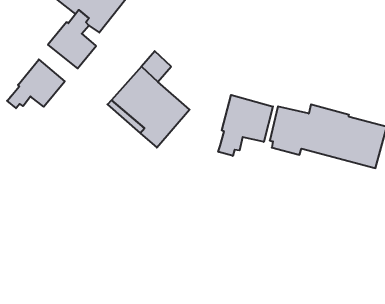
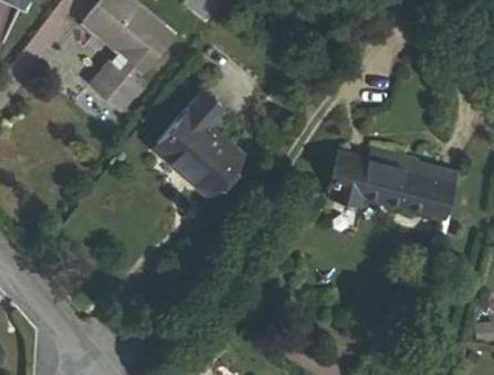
building: [7,59,65,108] -> none
building: [218,95,273,156] -> none

